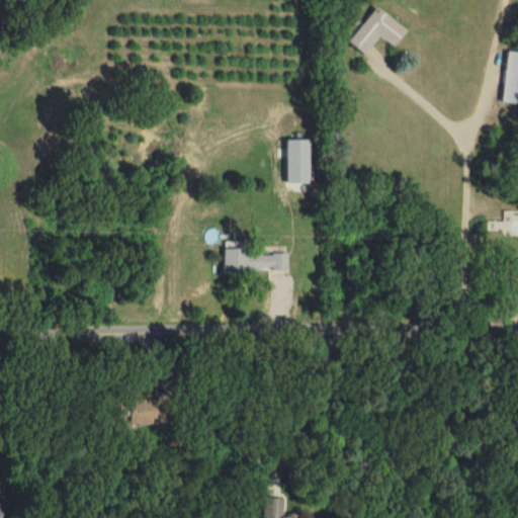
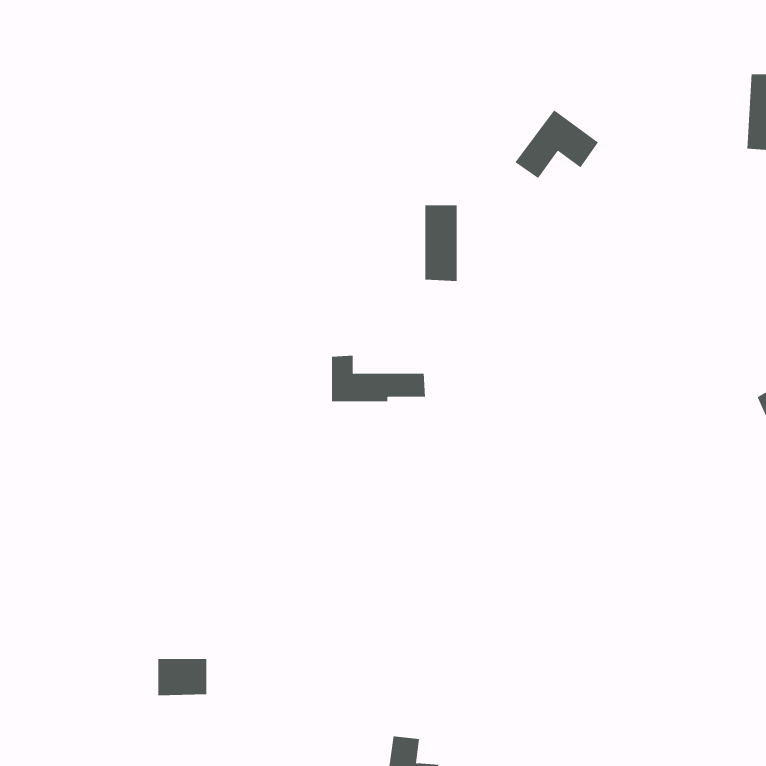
building: [351,7,408,54] -> [515,110,599,179]
building: [131,399,164,424] -> [158,658,207,696]

